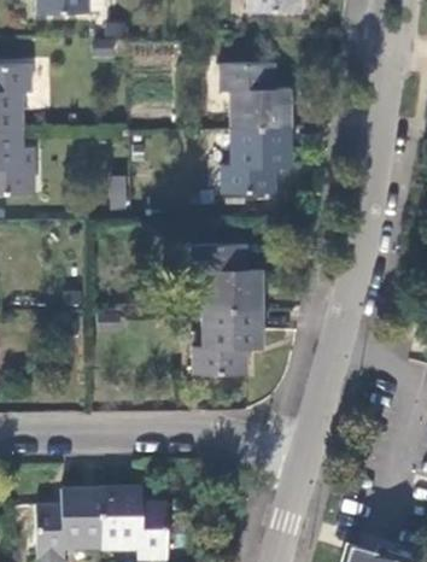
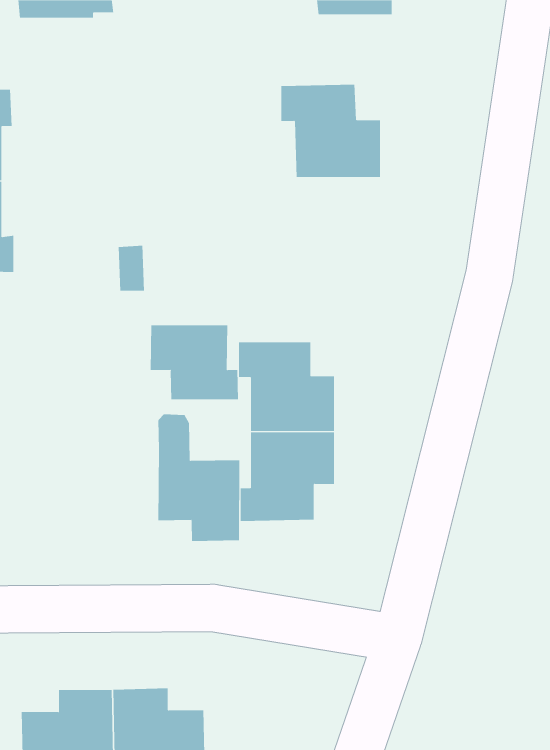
building: [226,127,294,191] -> none
building: none -> [150,325,239,400]
building: none -> [158,413,240,542]

